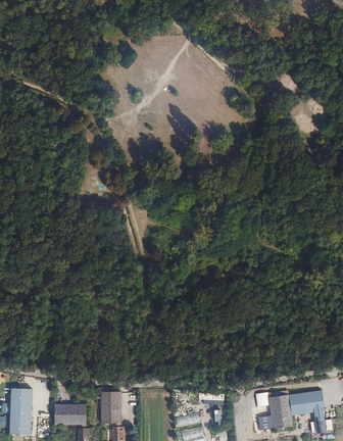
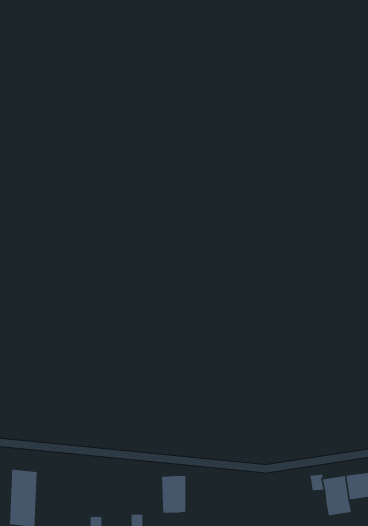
building: [99,390,119,422] -> [161,475,186,514]
building: [54,402,86,424] -> none

